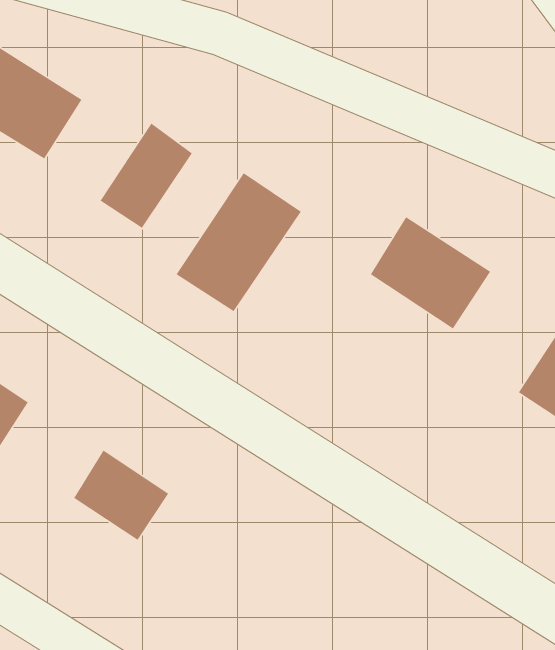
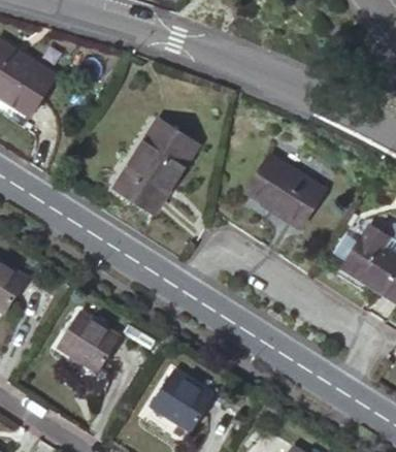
building: [99,122,193,229] -> none
building: none -> [143,366,206,426]

